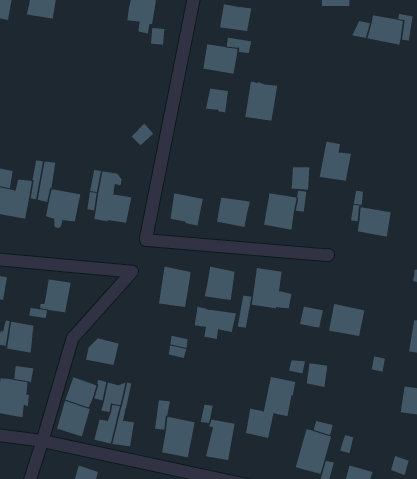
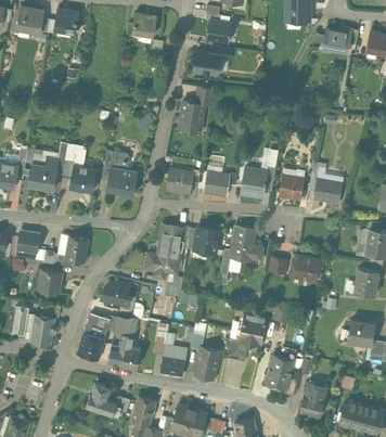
building: [245,81,278,121] -> [179,100,205,131]
building: [319,141,352,181] -> [279,168,305,200]
building: [194,306,237,339] -> [146,253,180,279]

